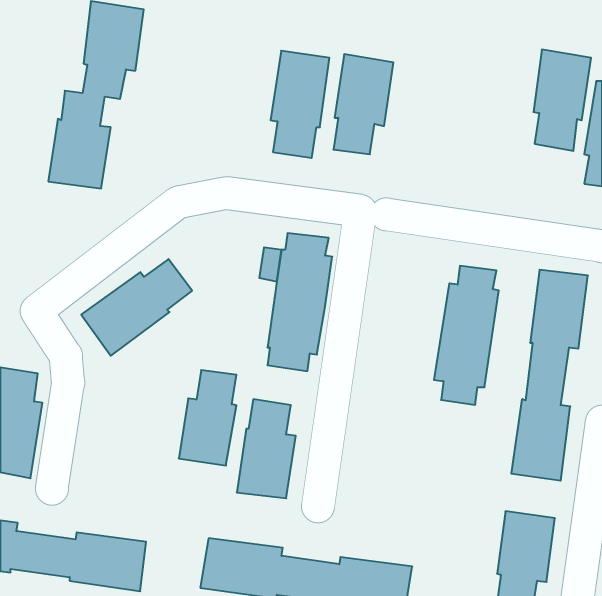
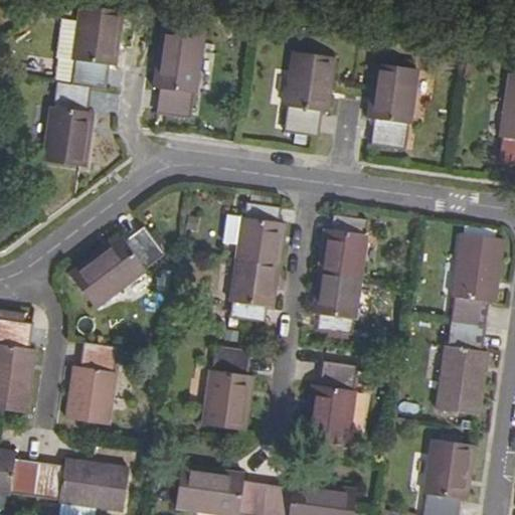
building: [533,50,591,151] -> [369,64,418,151]
building: [271,51,329,158] -> [154,27,204,119]
building: [434,266,499,405] -> [312,216,367,335]
building: [179,370,236,466] -> [66,343,116,424]
building: none -> [304,362,355,445]

